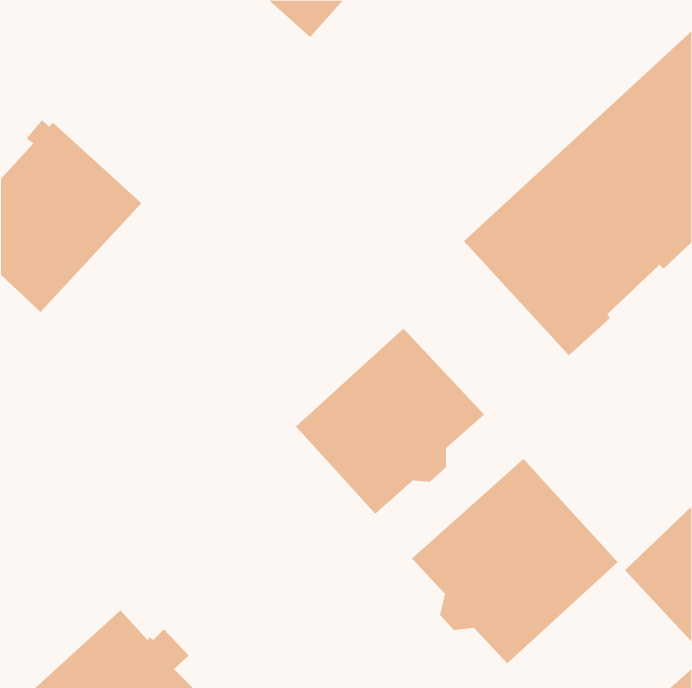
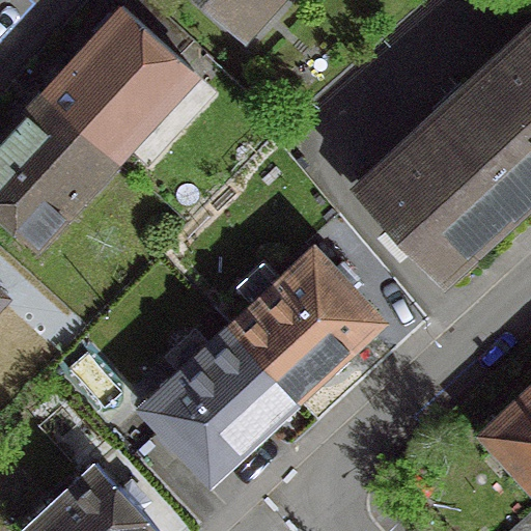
building: none -> [40,12,187,159]
building: none -> [143,330,287,474]
building: [411,458,619,664] -> none

